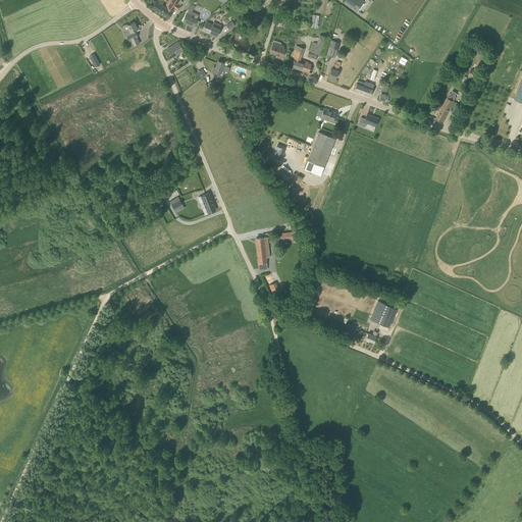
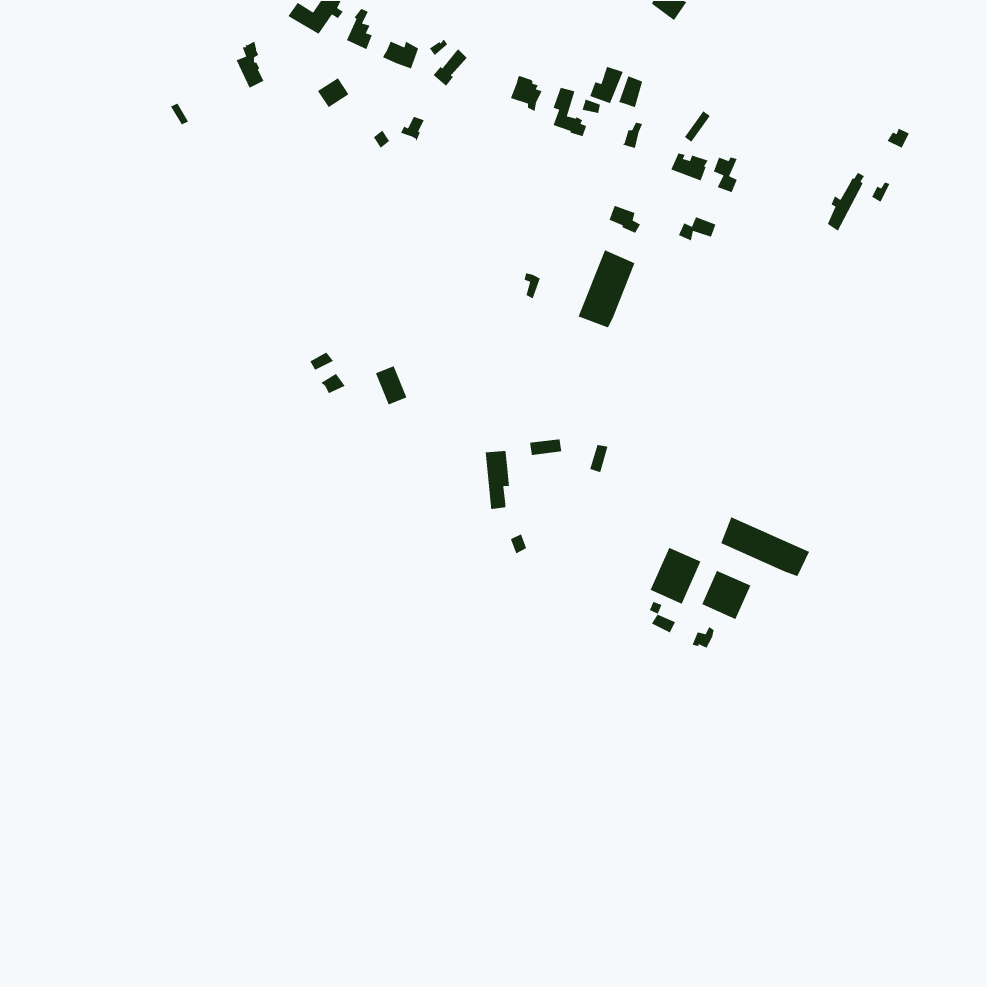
building: none -> [720,516,810,577]
building: none -> [649,547,702,605]

